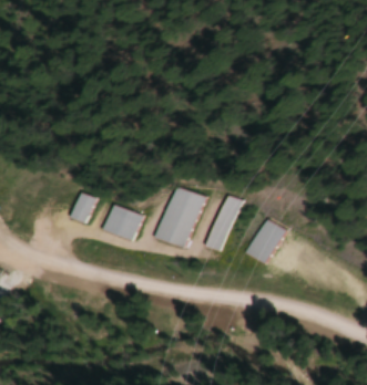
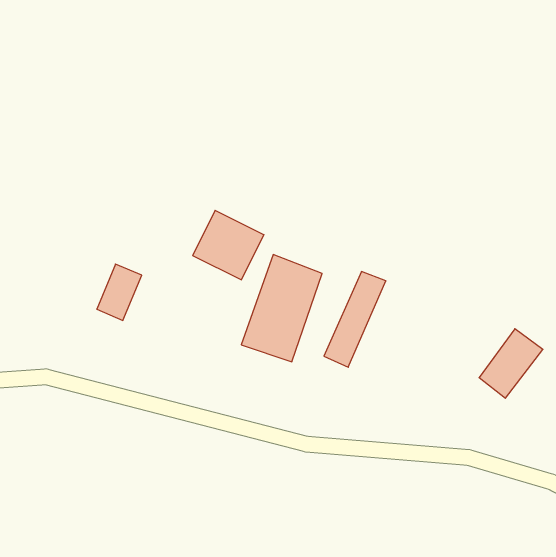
building: [102,202,144,243] -> [193,210,264,280]
building: [247,221,285,262] -> [479,329,543,398]

